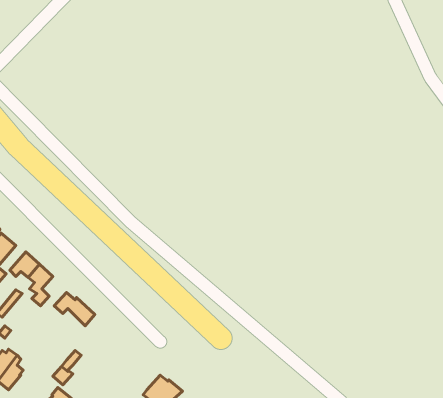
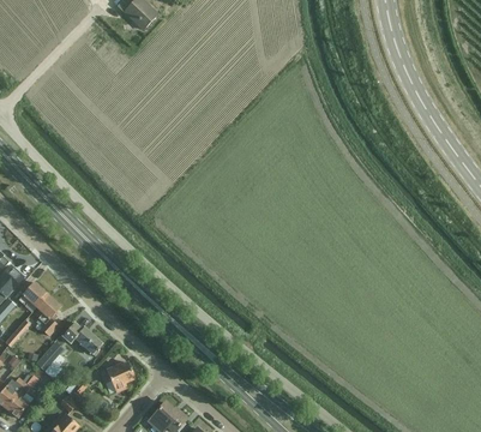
building: none -> [36,341,65,378]
building: none -> [98,361,134,391]

